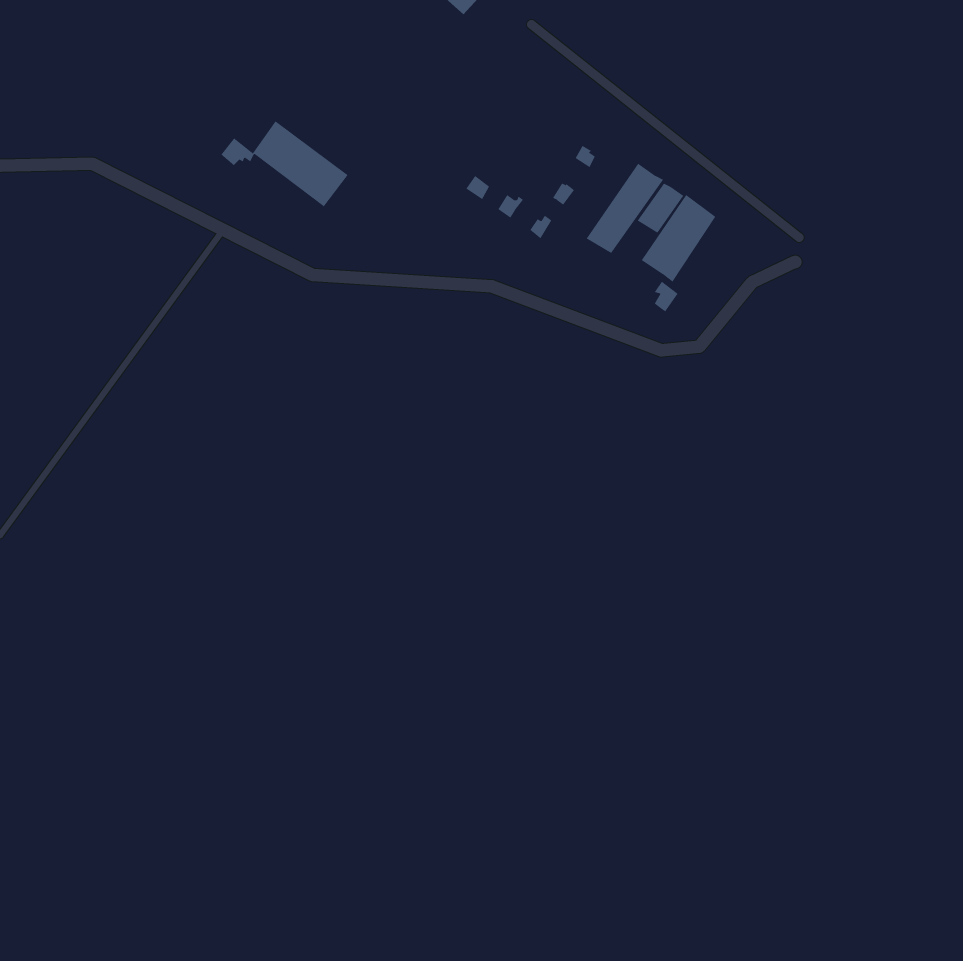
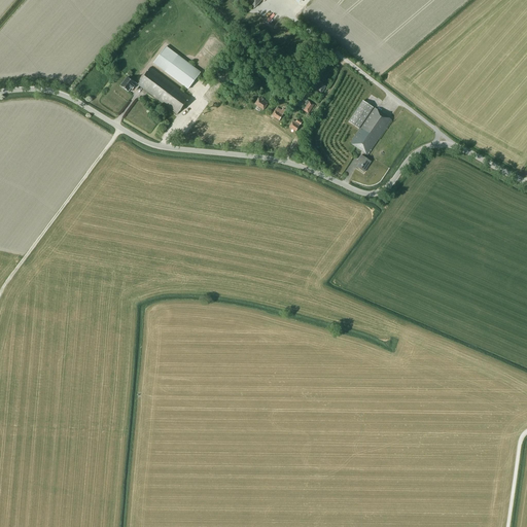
building: none -> [153,45,200,87]
building: [586,163,664,254] -> none

